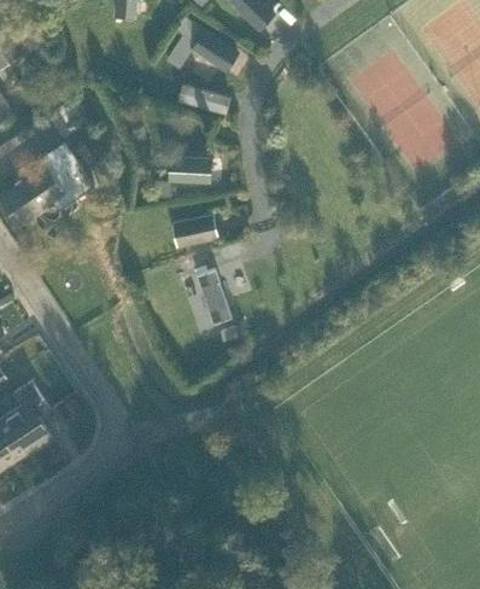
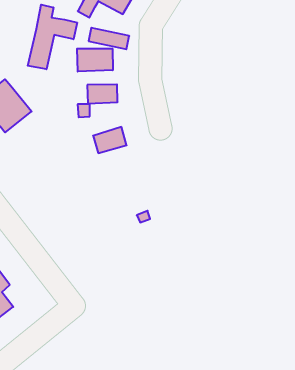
building: none -> [28,5,77,69]
building: none -> [77,49,113,72]
building: [195,270,230,323] -> none

